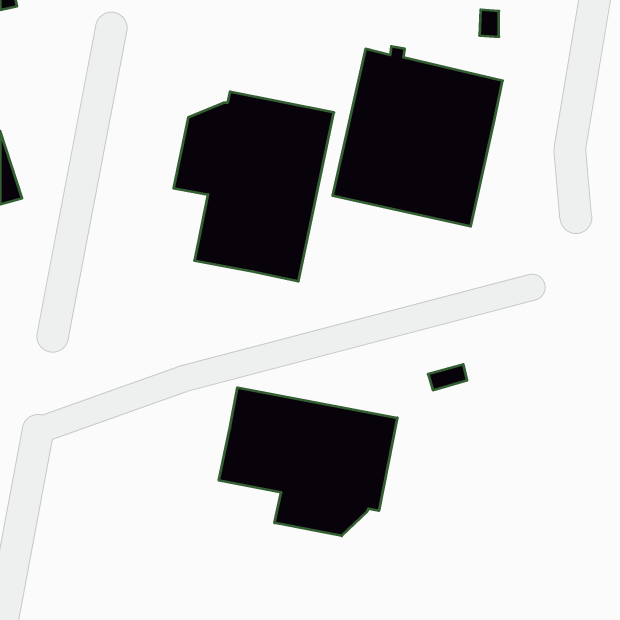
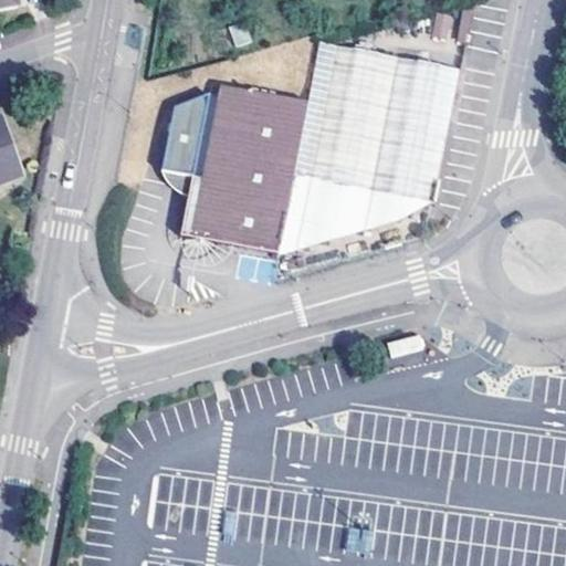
building: none -> [283,41,430,237]
building: [219,388,397,536] -> none

